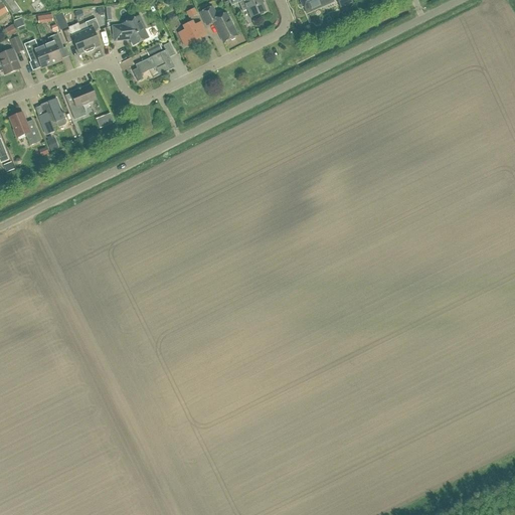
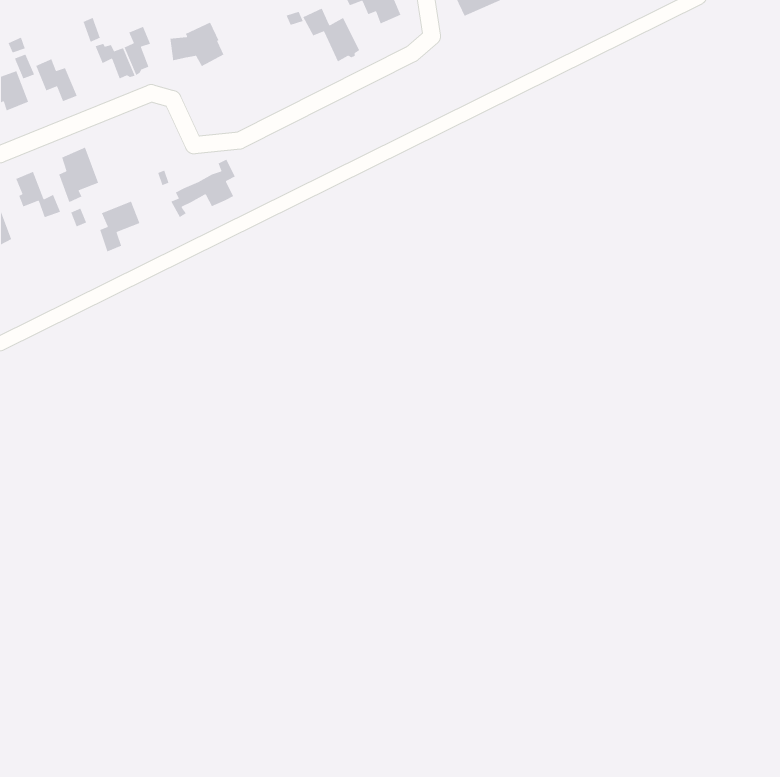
building: [178,20,206,45] -> none
building: [43,32,63,63] -> none
building: [132,41,175,80] -> [170,158,236,218]
building: [68,83,96,118] -> [99,200,141,252]

